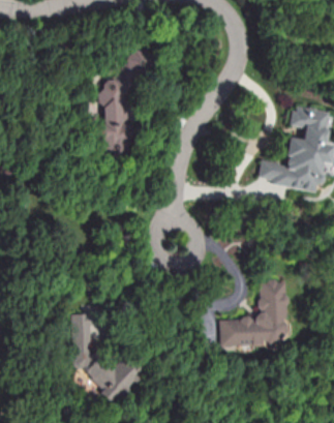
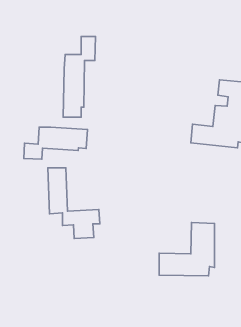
building: none -> [24,127,87,159]
building: [72,313,135,399] -> [48,168,100,238]

